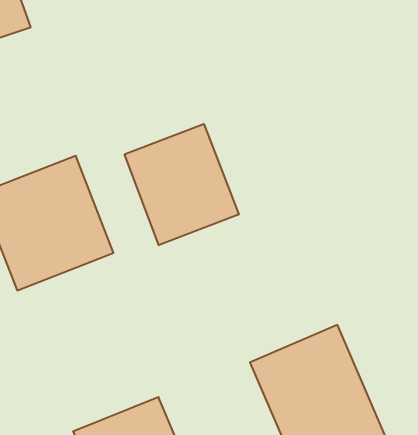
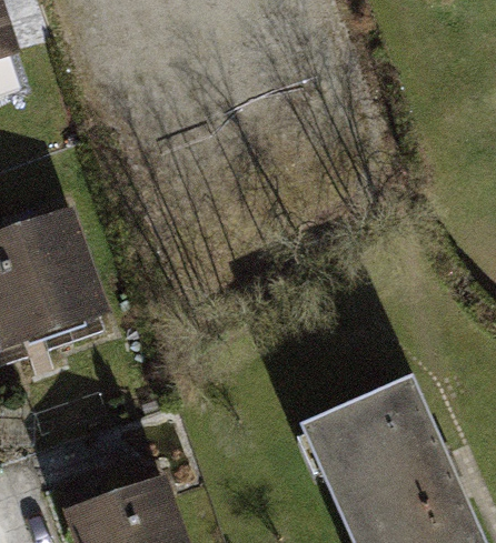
building: [125,124,239,245] -> none

